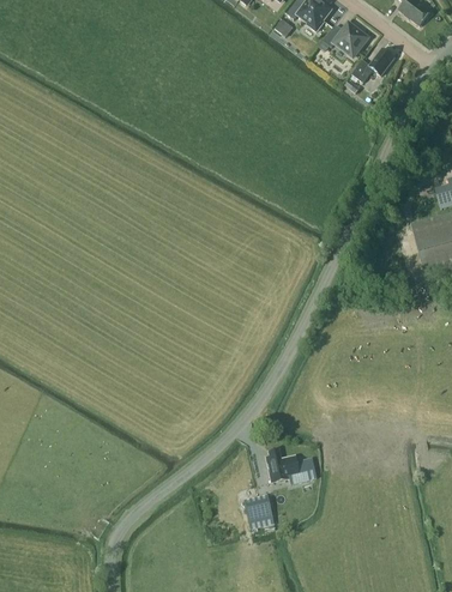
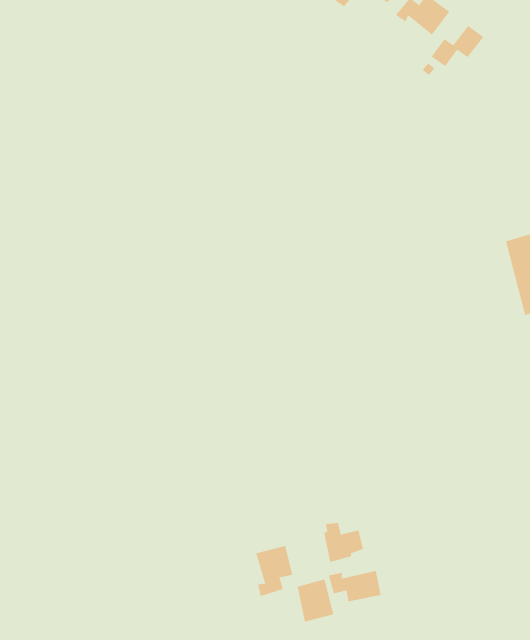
building: none -> [256,545,293,597]
building: none -> [328,570,381,602]

